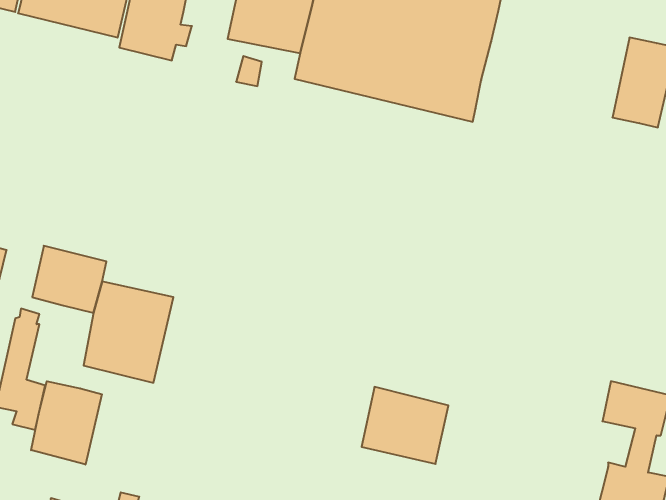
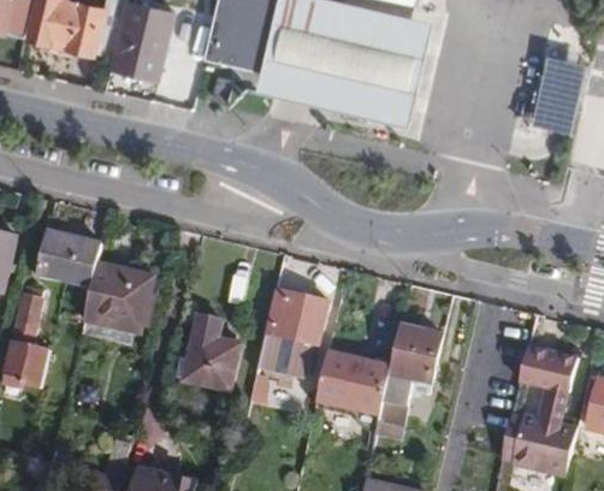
building: none -> [253,289,326,389]
building: none -> [173,314,241,390]
building: none -> [378,324,440,424]
building: [31,381,102,465] -> none

